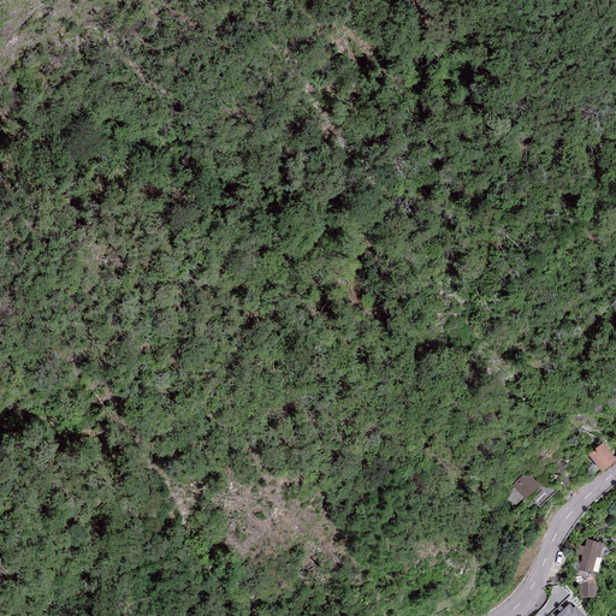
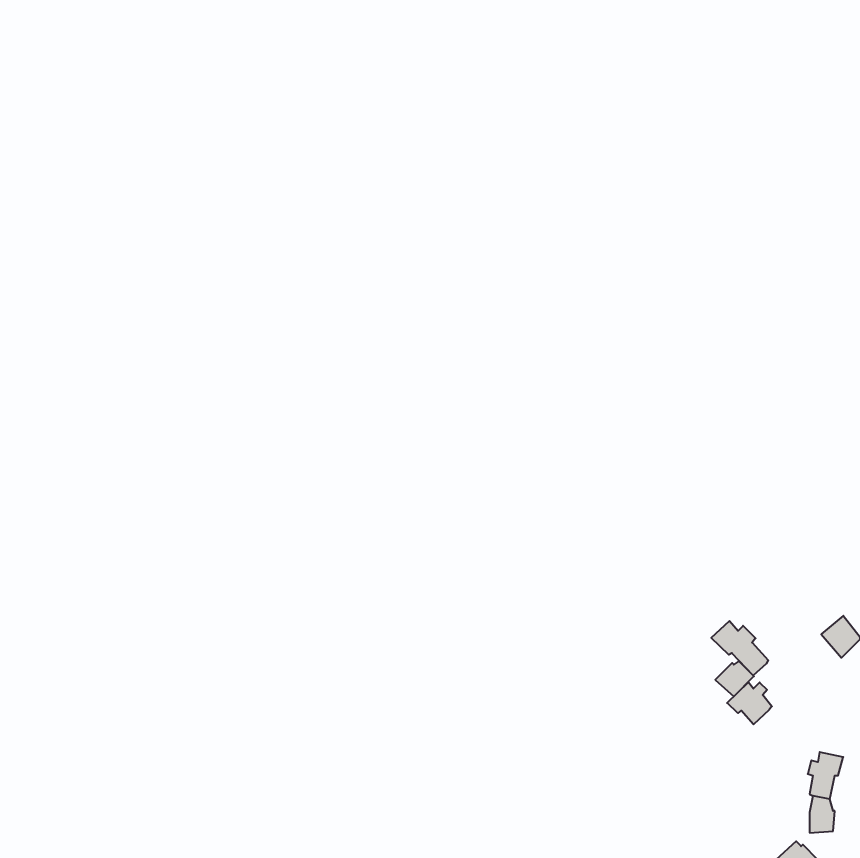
building: none -> [711,621,768,675]
building: none -> [727,682,772,724]

